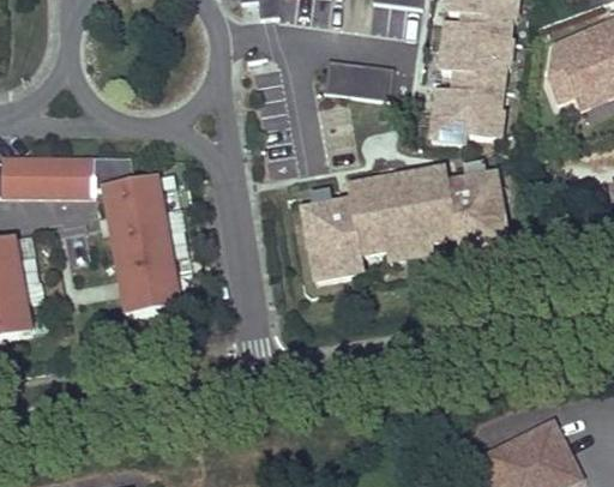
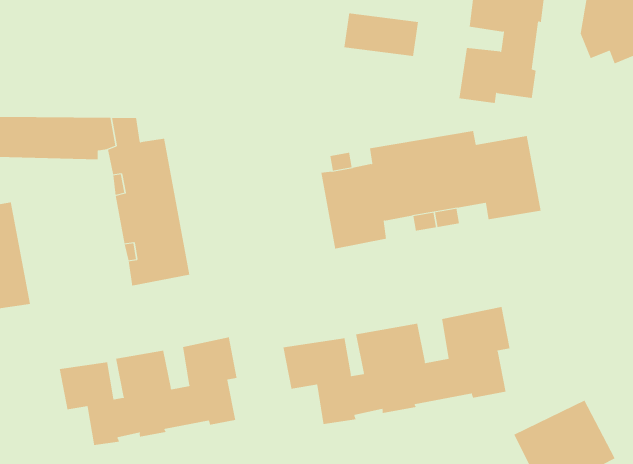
building: none -> [283,306,510,425]
building: none -> [59,337,237,446]

